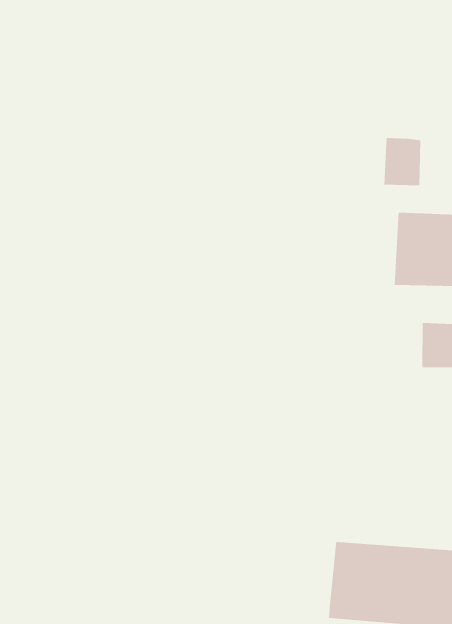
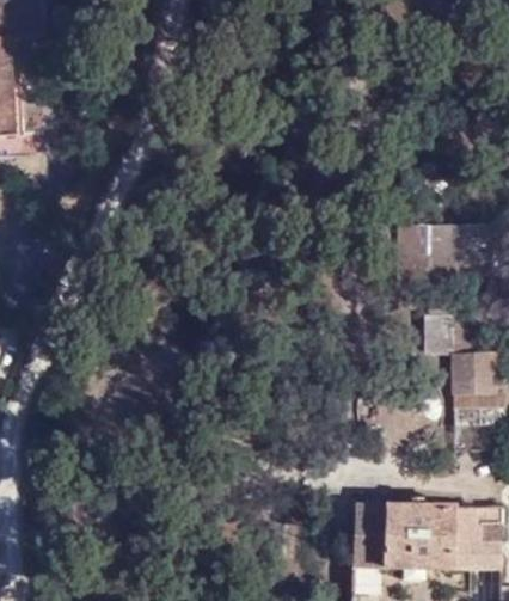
building: [384,137,421,186] -> none

